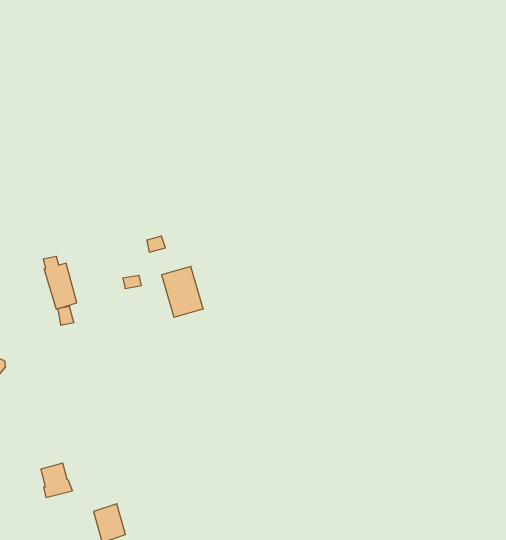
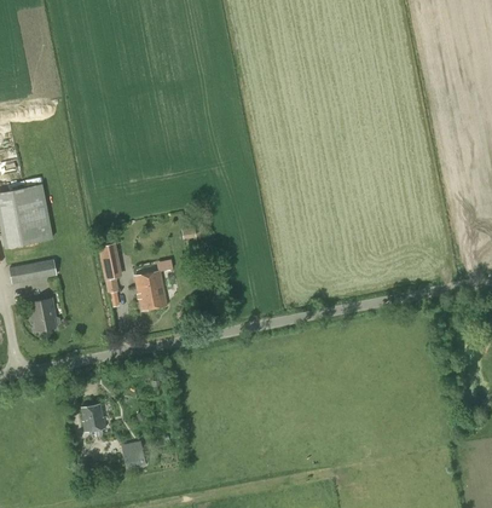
building: [162,266,203,317] -> [135,271,167,311]

